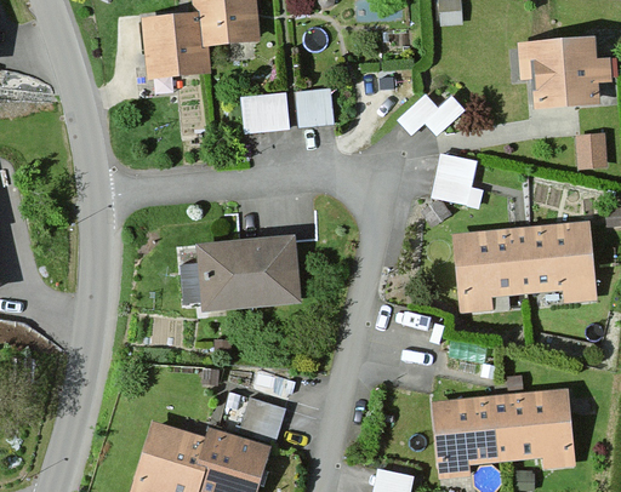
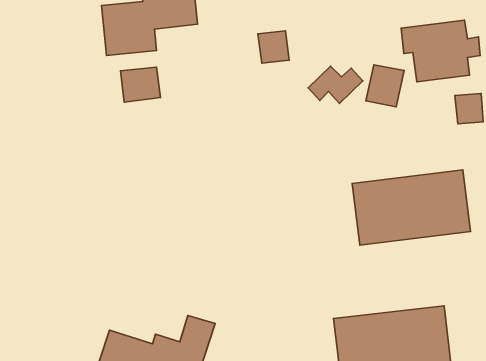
building: [296,86,335,126] -> [258,31,289,63]
building: [240,90,290,133] -> [120,67,161,102]
building: [431,151,478,204] -> [366,65,404,107]
building: [192,235,303,310] -> none

